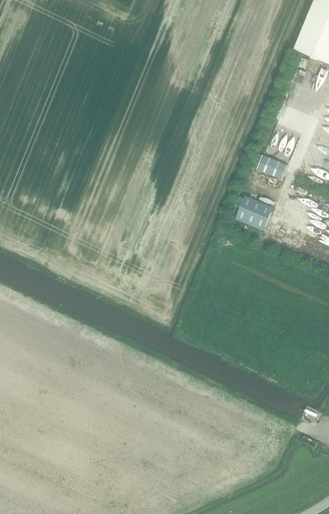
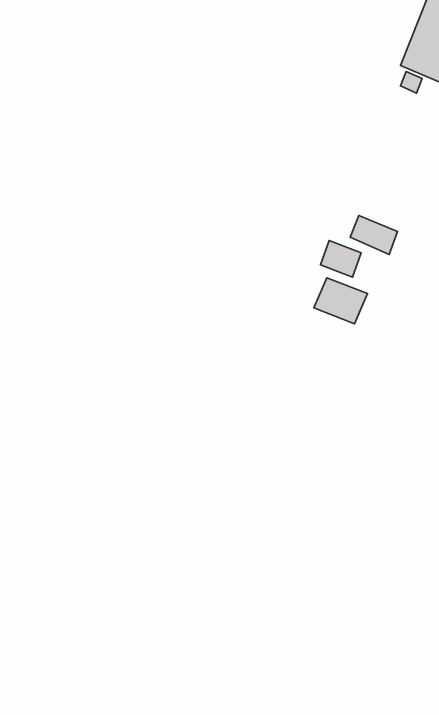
building: none -> [321,240,361,277]

